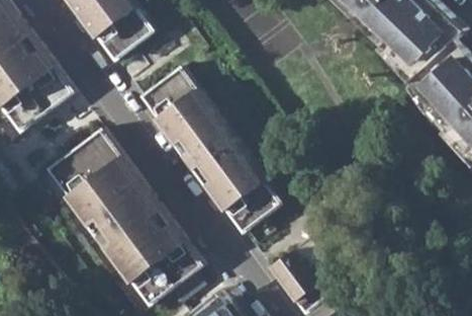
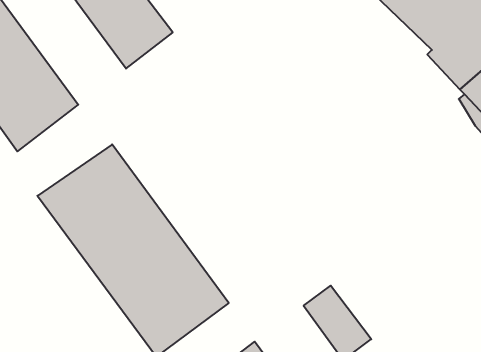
building: [141,65,285,233] -> none

